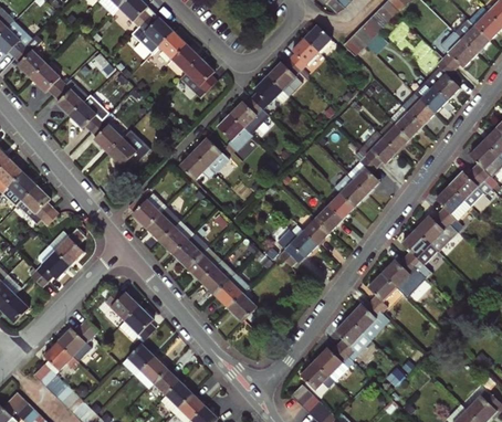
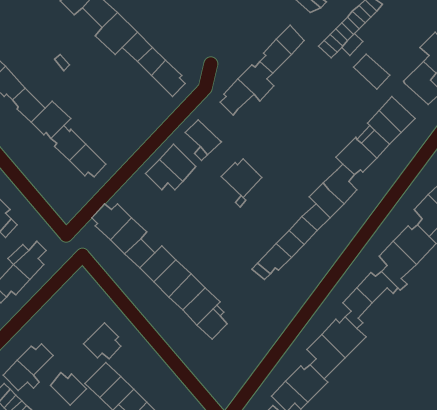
building: [412,80,447,113] -> [353,54,390,89]
building: [229,97,268,134] -> [221,159,262,197]
building: [106,291,140,321] -> [50,373,87,405]

